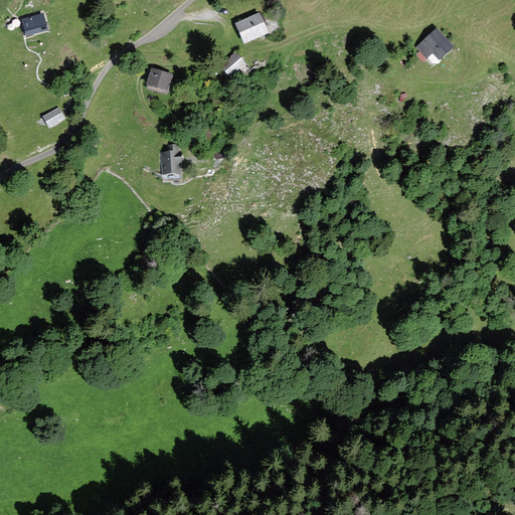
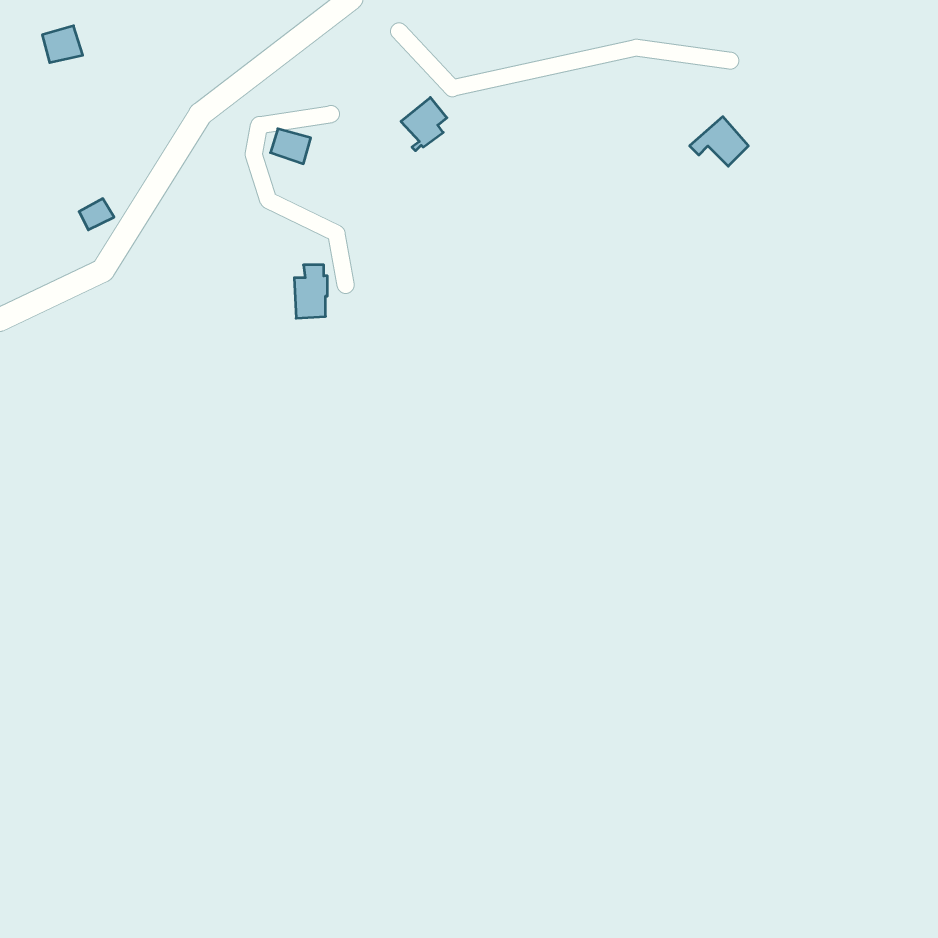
building: [236,15,266,41] -> none
building: [417,30,450,57] -> [690,117,748,166]

